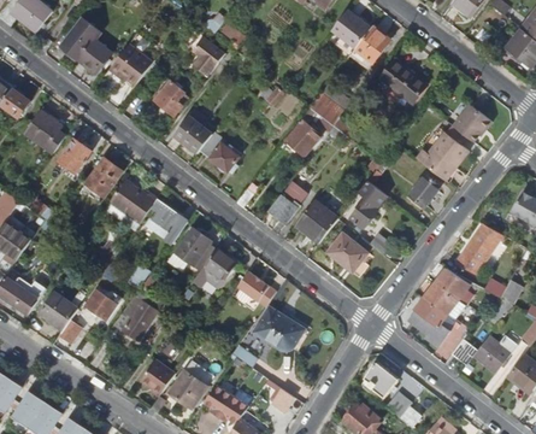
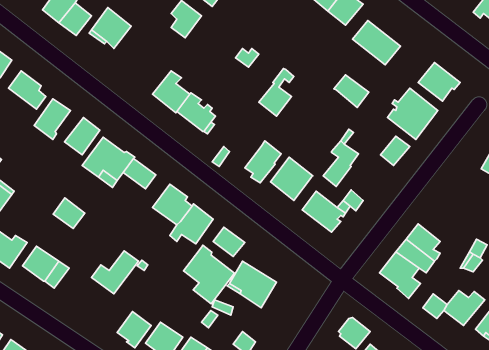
building: [153,80,184,116] -> none
building: [308,93,344,127] -> [334,75,369,107]
building: [455,224,506,275] -> none
building: [86,283,118,315] -> [53,198,85,228]
building: none -> [183,245,234,304]

